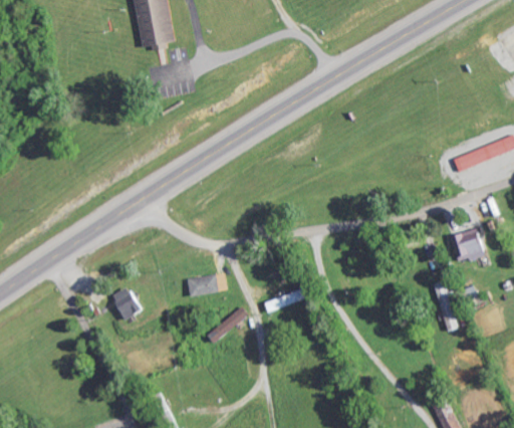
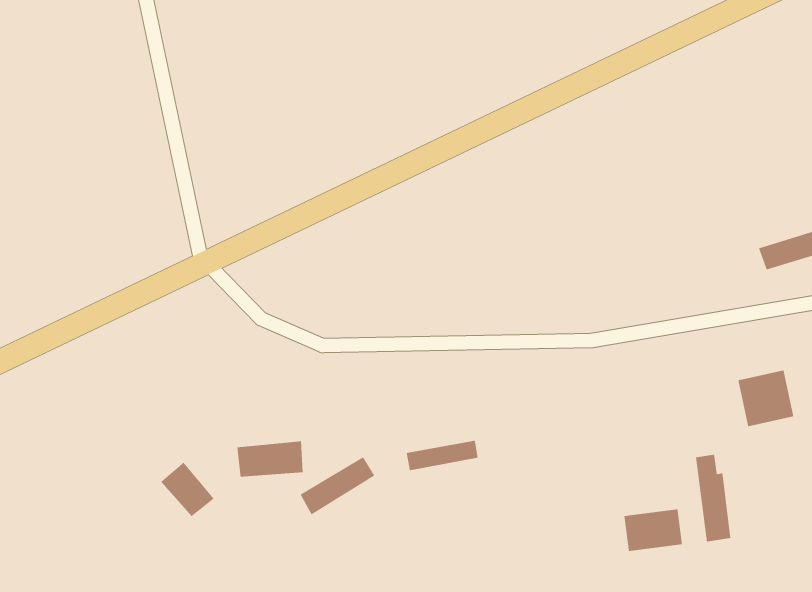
building: [187,272,227,297] -> [236,441,303,477]
building: [111,287,144,318] -> [161,462,214,517]
building: none -> [624,508,683,552]

